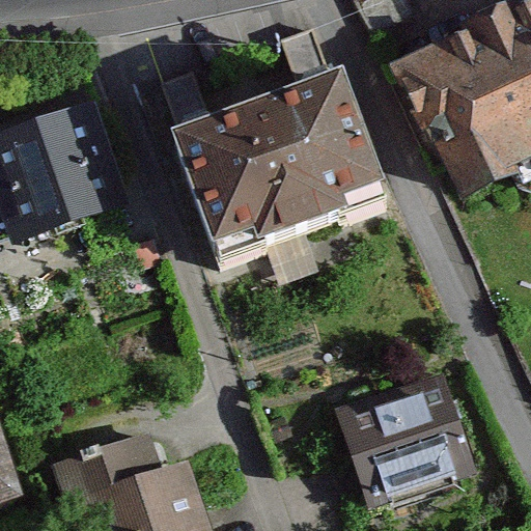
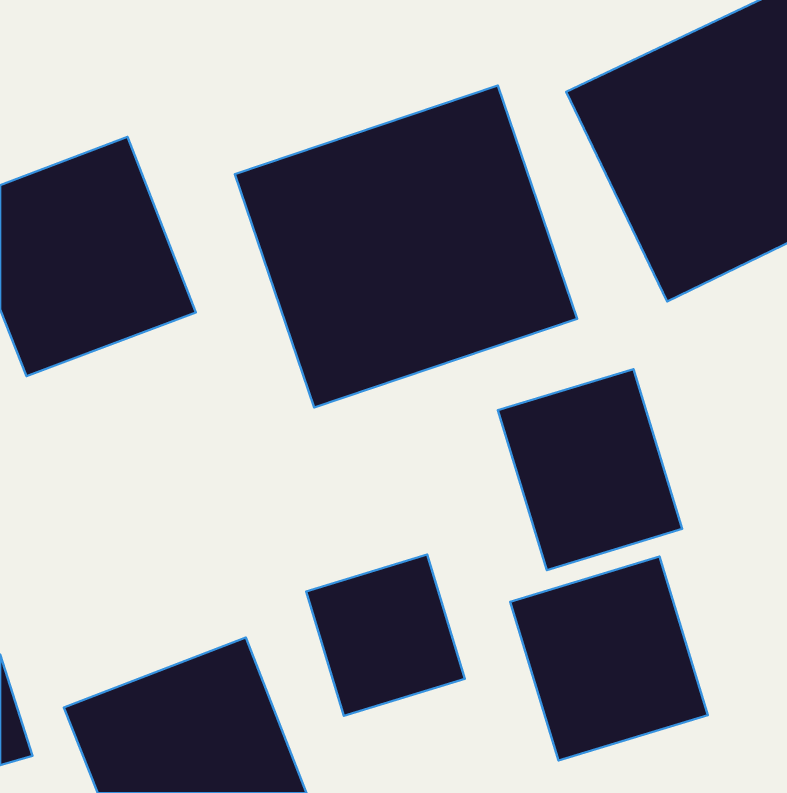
building: none -> [498,369,682,570]
building: none -> [306,554,465,716]

